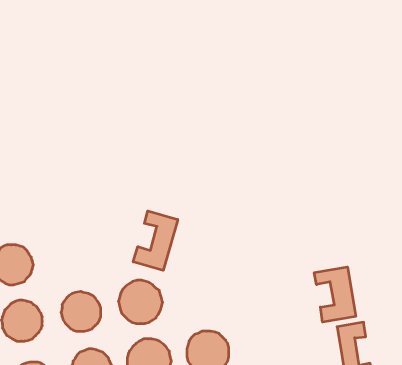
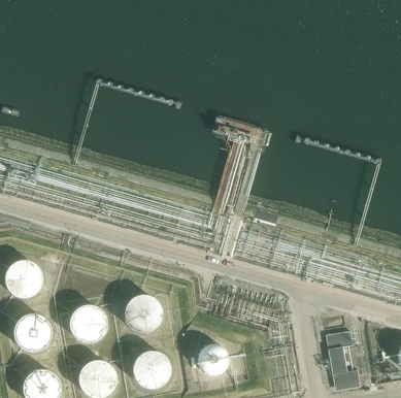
building: [133,211,178,270] -> none
building: [314,267,356,322] -> none

